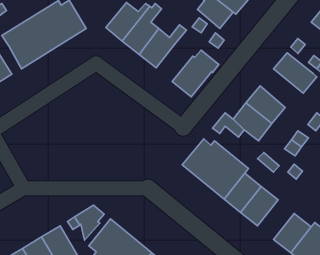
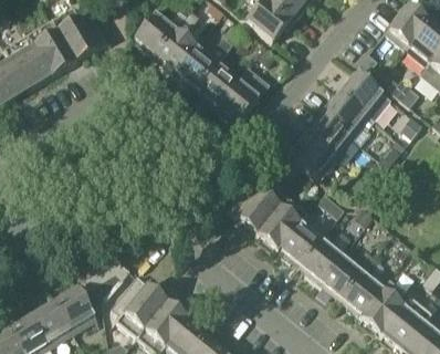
building: none -> [195,59,240,106]
building: none -> [323,91,376,138]
building: none -> [319,252,365,301]

